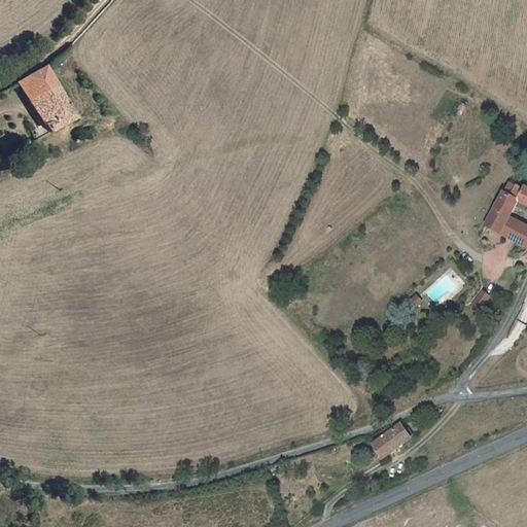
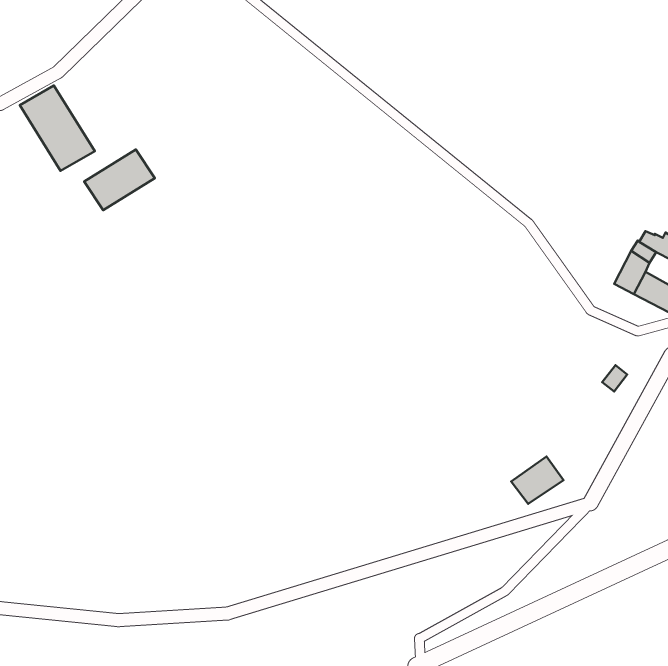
building: none -> [84,150,155,210]
building: [375,419,416,456] -> [511,456,564,504]

